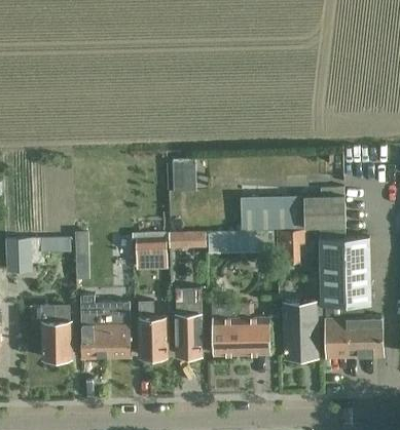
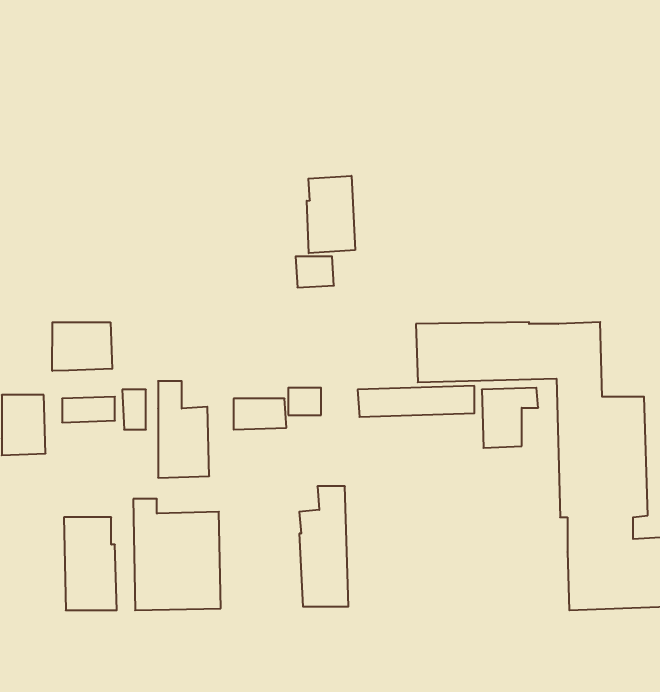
building: none -> [307,176,355,253]
building: none -> [52,322,112,371]
building: [283,303,325,359] -> none
building: [139,304,168,358] -> [158,381,209,478]
building: [212,306,269,357] -> none

